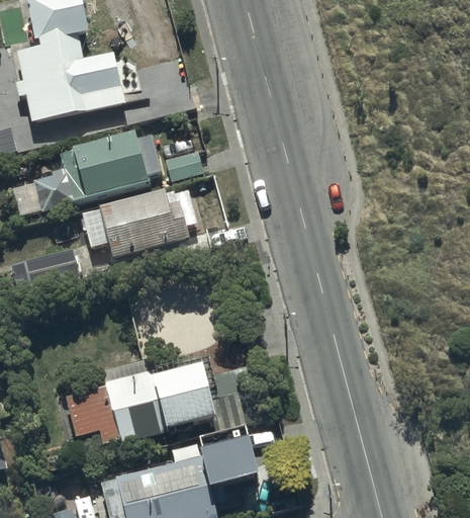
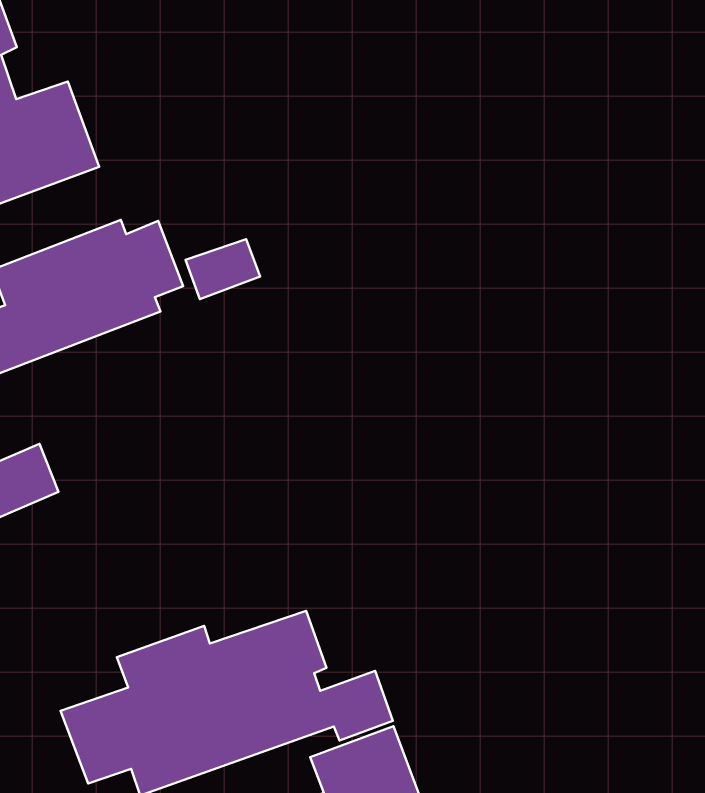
building: [98,191,196,258] -> none

